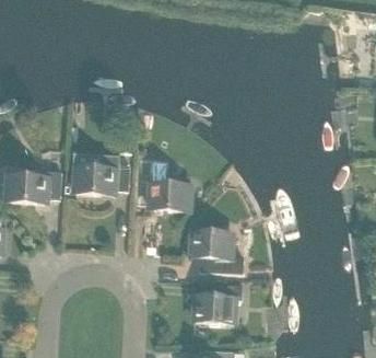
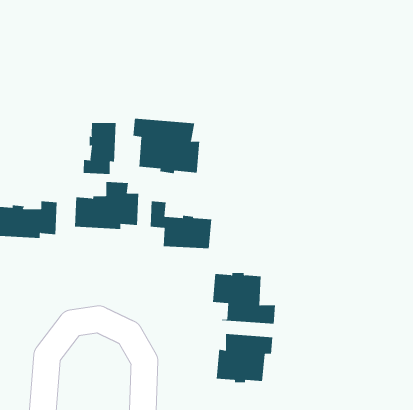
building: none -> [133,118,200,174]
building: none -> [83,122,116,175]

